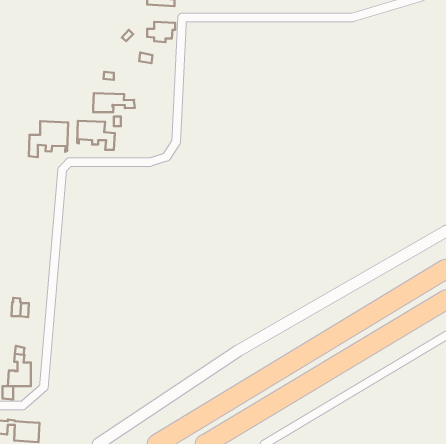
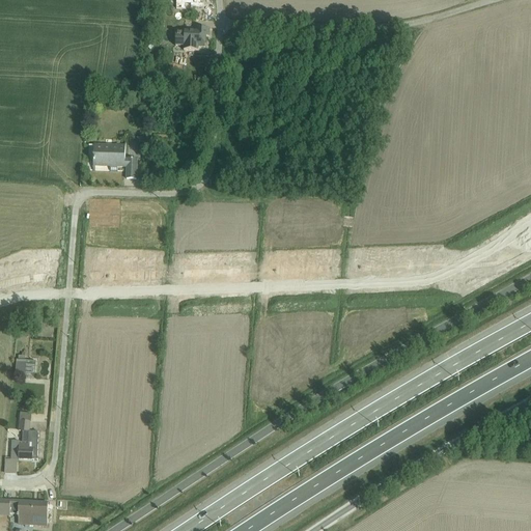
building: [93,93,135,112] -> none
building: [29,121,68,157] -> none

